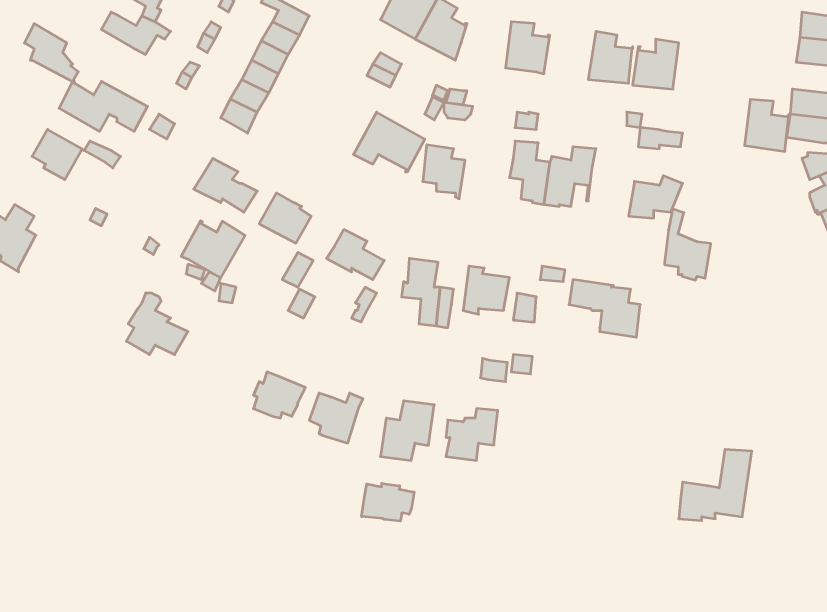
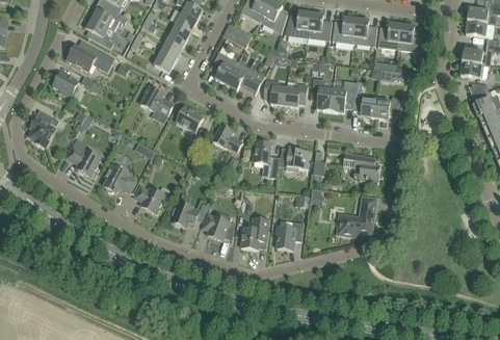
building: none -> [283,10,311,37]
building: [24,24,78,81] -> [84,17,113,48]
building: none -> [332,17,357,44]
building: none -> [209,51,238,84]
building: [745,99,789,151] -> [398,24,422,52]
building: none -> [283,83,307,108]
building: [665,209,711,280] -> [352,80,377,119]
building: [181,221,245,278] -> none
building: none -> [65,145,101,176]
building: none -> [133,185,165,214]
building: [679,449,752,521] -> [337,197,376,235]
building: [362,483,414,521] -> none

